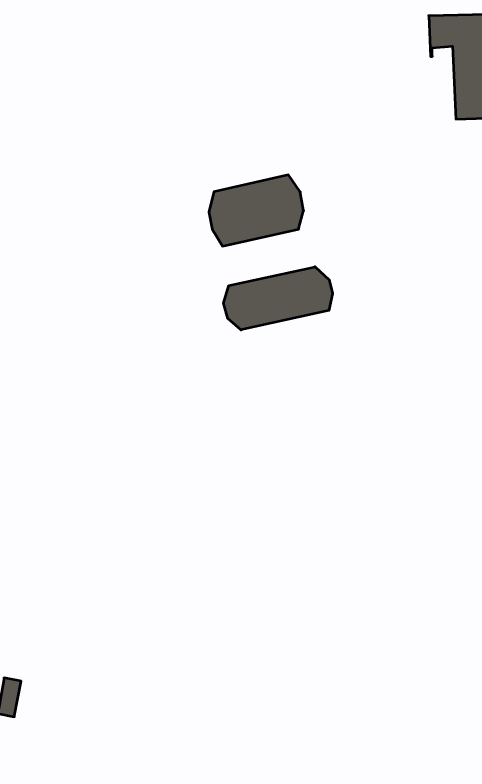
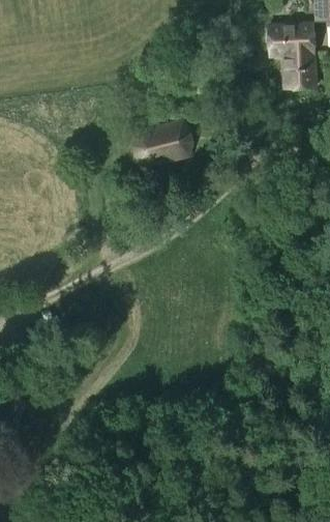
building: [224,267,333,330] -> none

